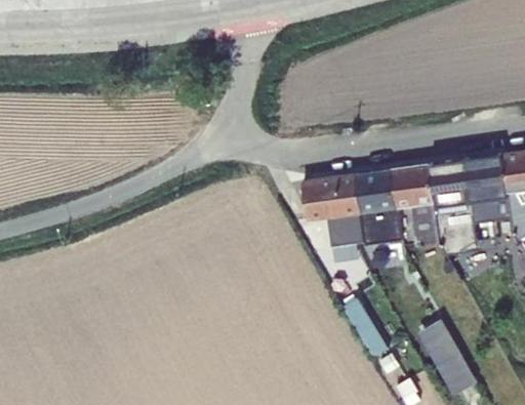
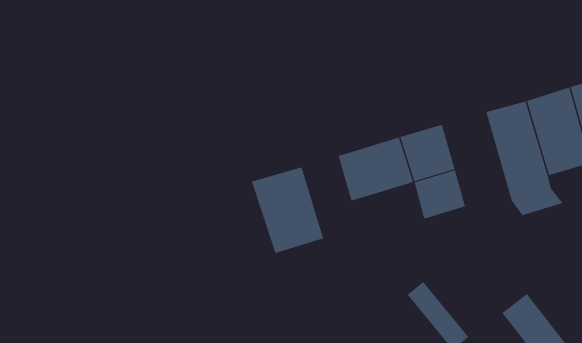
building: [392,163,439,245] -> none
building: none -> [251,167,324,254]
building: [328,212,364,260] -> none

